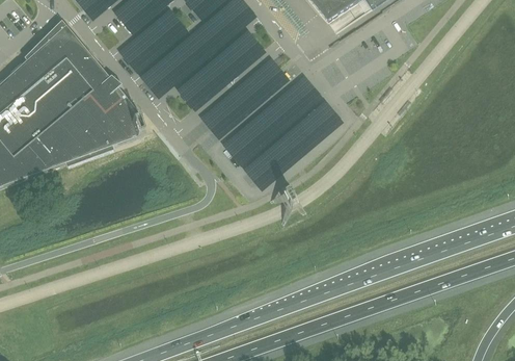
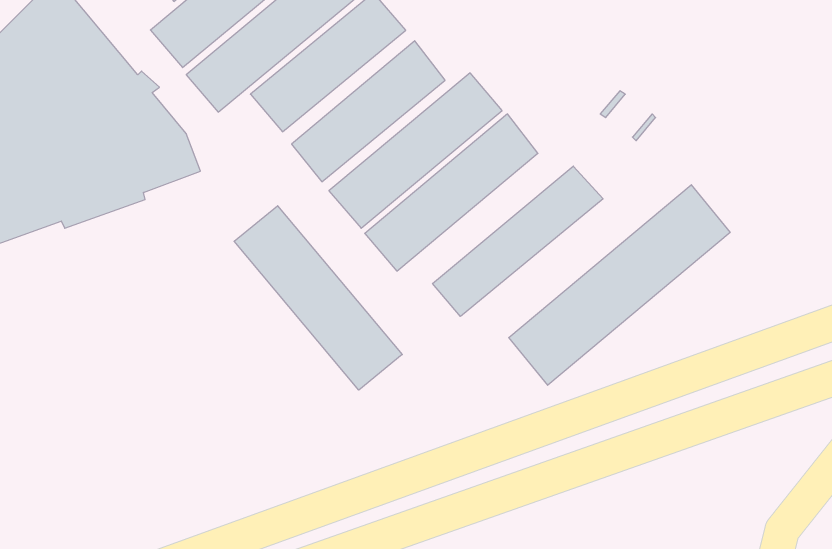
building: none -> [433,166,603,316]
building: none -> [509,185,730,385]
building: none -> [234,206,402,390]

